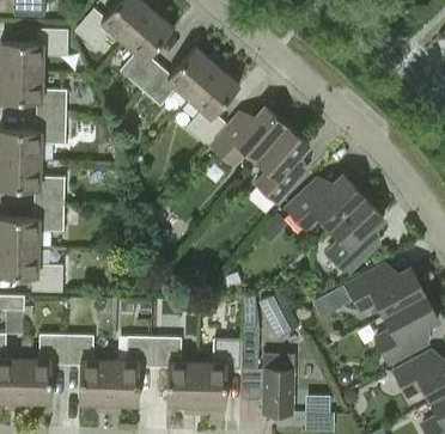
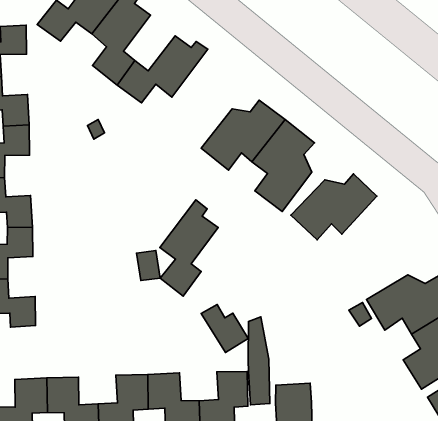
building: [187,61,239,143] -> [160,200,218,296]
building: [327,196,384,275] -> none
building: [258,295,298,337] -> [201,304,248,352]

